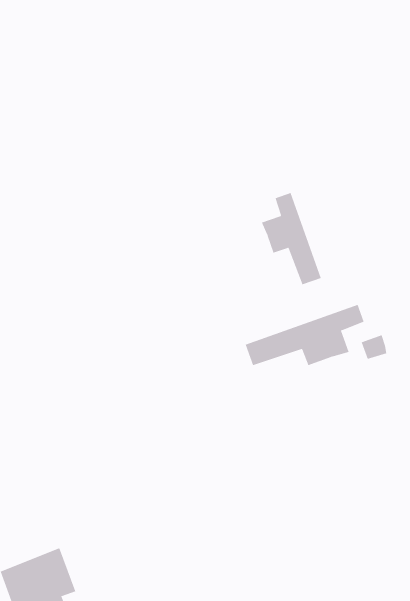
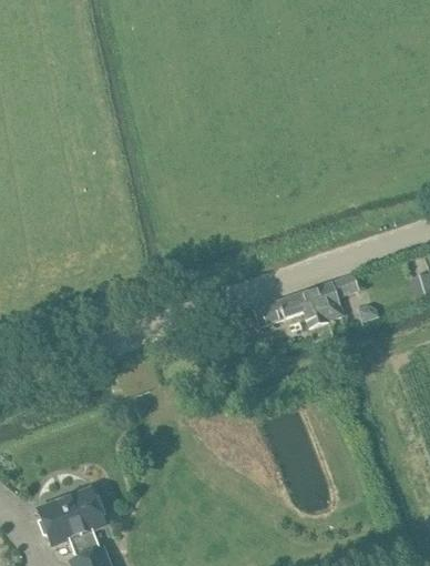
building: [261,192,321,285] -> none

